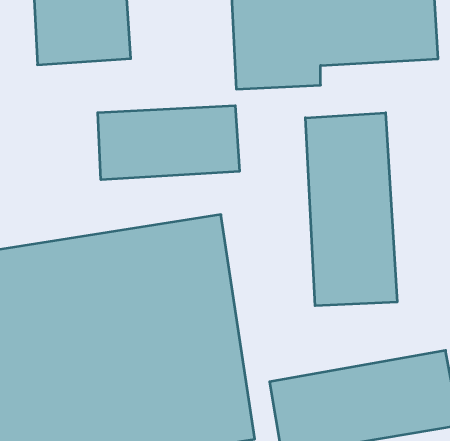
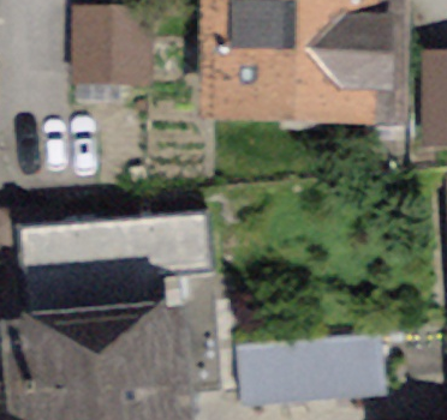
building: [98,106,239,180] -> none
building: [305,113,397,306] -> none

